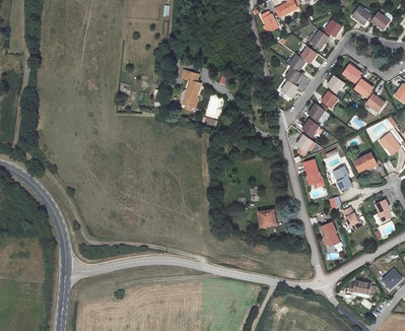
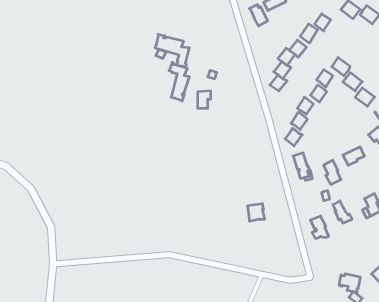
building: none -> [155,34,189,67]

